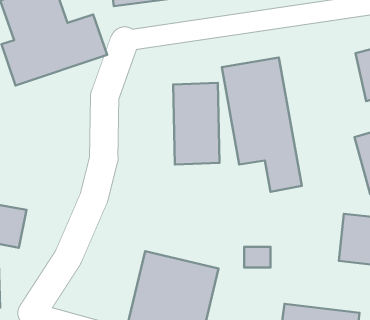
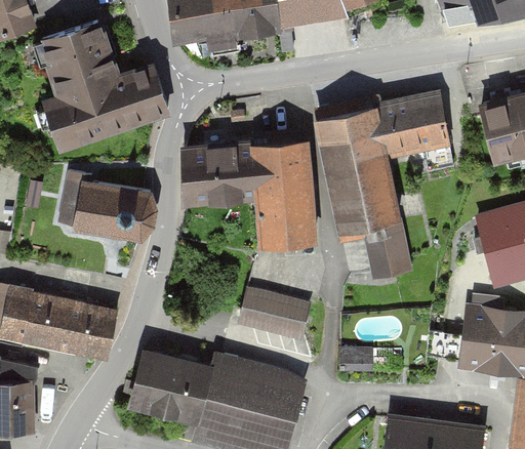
building: none -> [385,92,455,156]
building: none -> [181,151,253,207]
building: none -> [58,170,156,236]
building: none -> [239,285,313,337]
building: none -> [60,300,117,357]
building: none -> [126,349,212,419]

